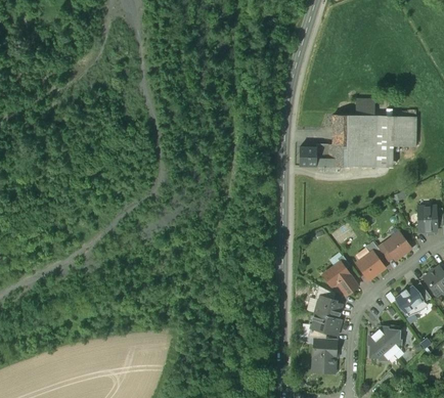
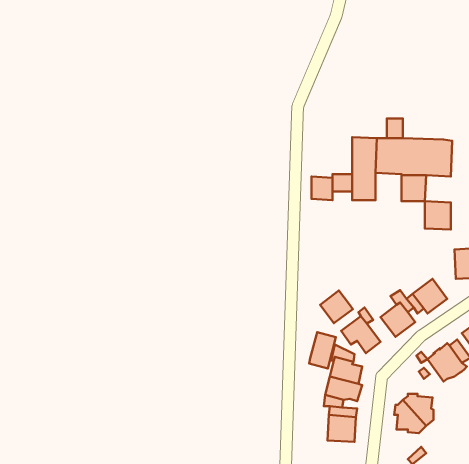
building: [352,144,373,168] -> [425,201,451,230]
building: none -> [320,291,353,323]
building: none -> [309,332,336,369]

